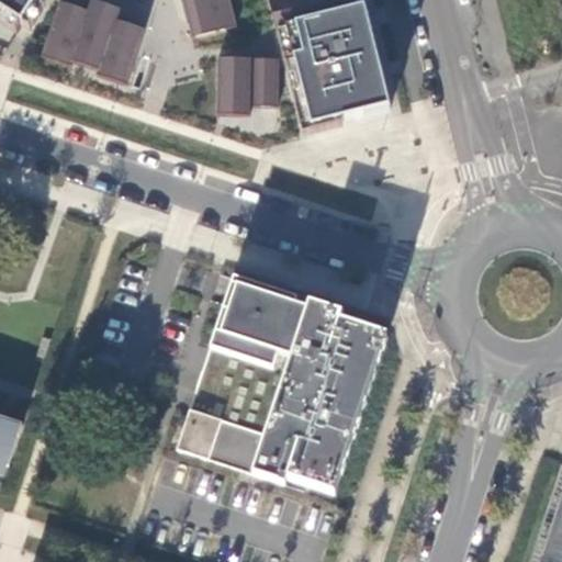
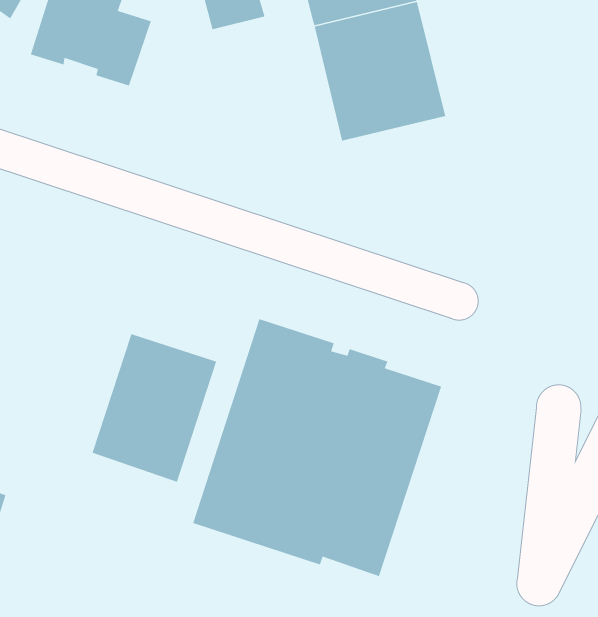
building: [216,54,278,111] -> none
building: none -> [92,333,217,483]

